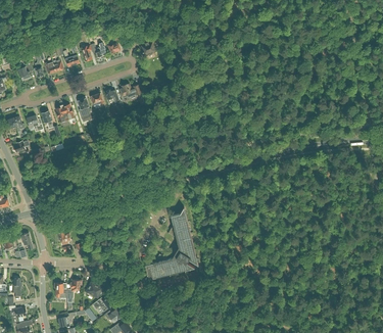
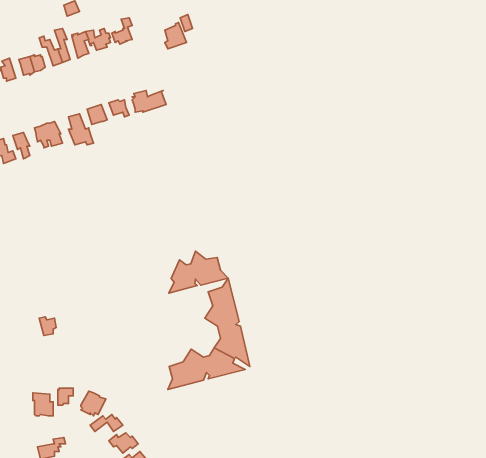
building: none -> [169,251,228,293]

